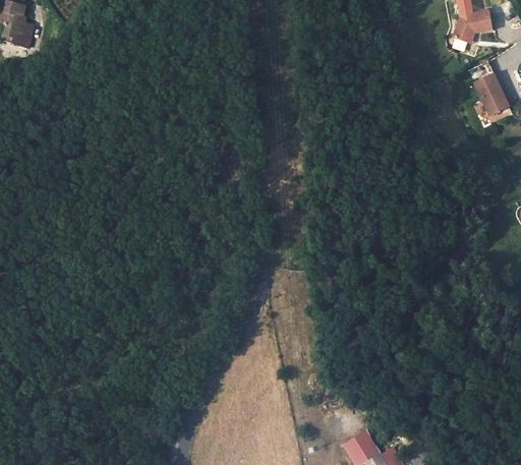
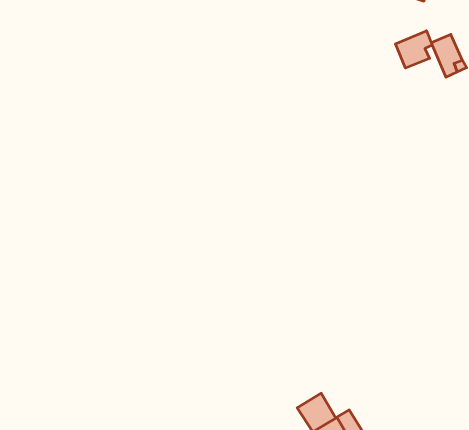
building: none -> [395,31,432,68]

